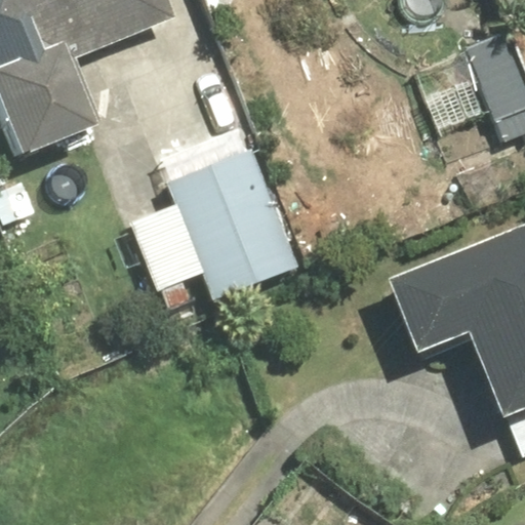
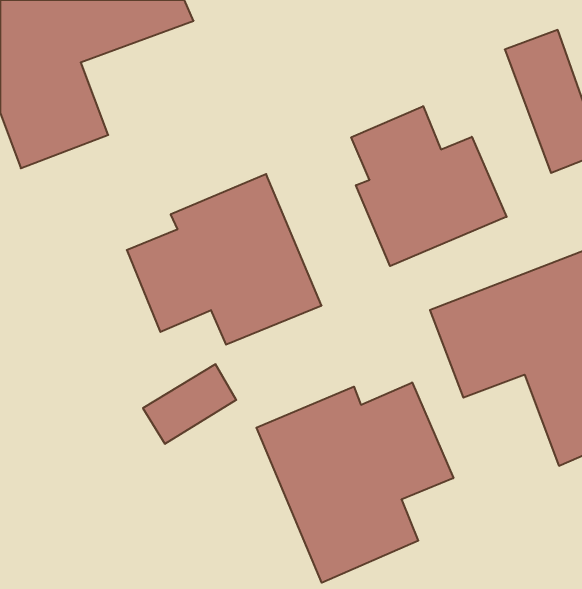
building: none -> [351,106,507,266]
building: none -> [256,382,453,583]

